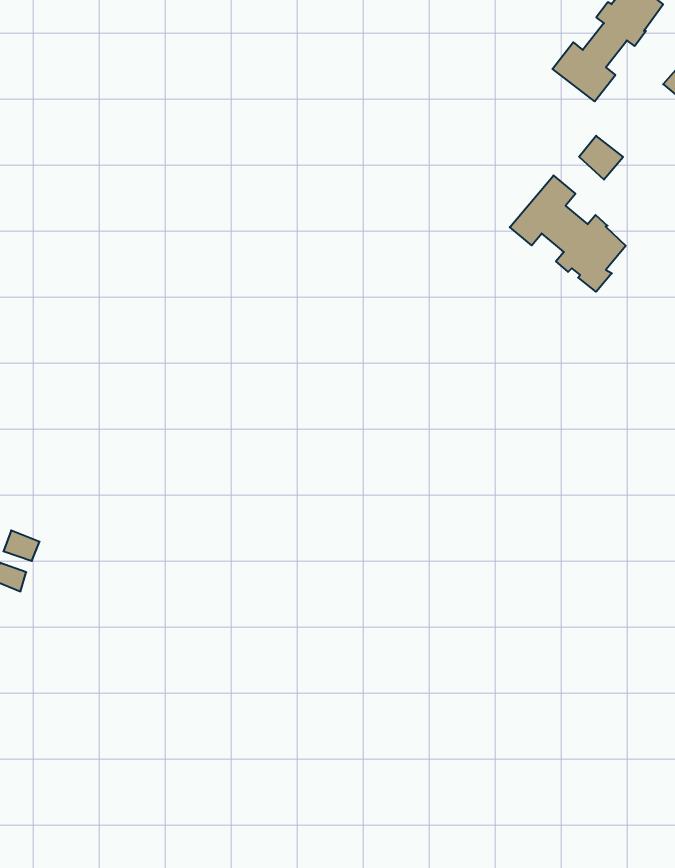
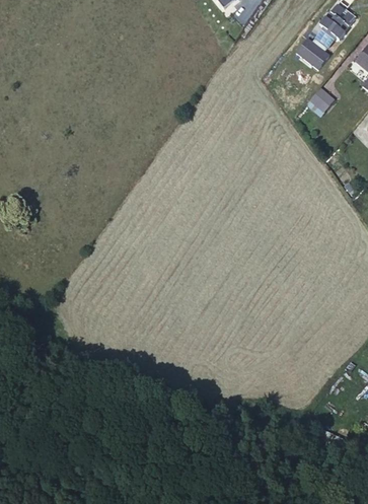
building: [510,175,626,292] -> none

